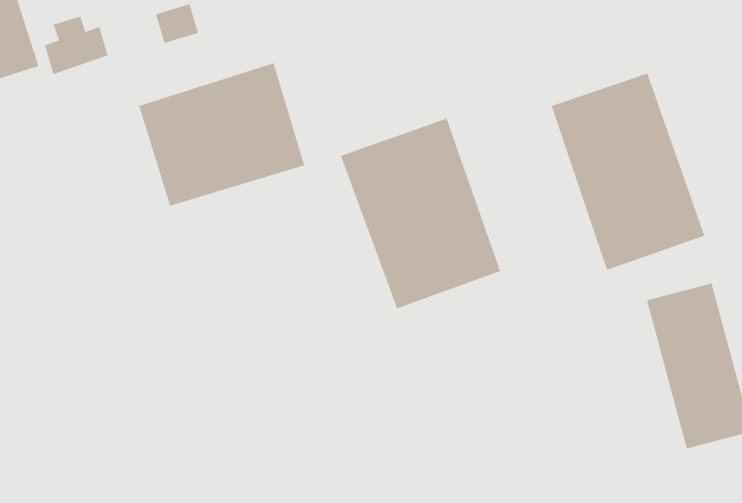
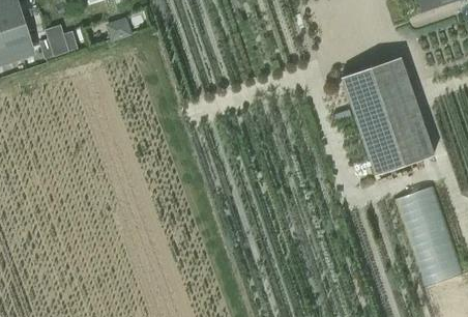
building: [138,62,305,206] -> none
building: [340,118,501,309] -> none

